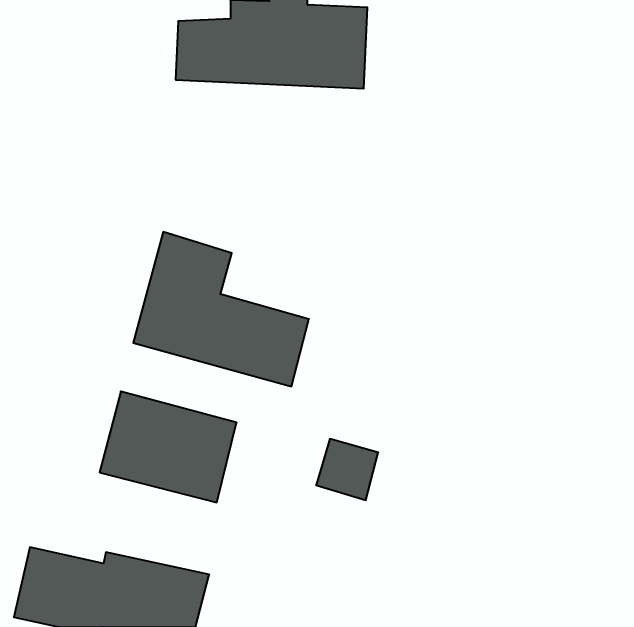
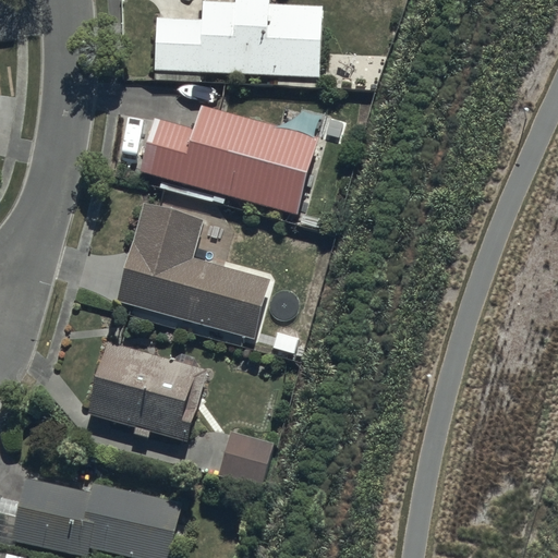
building: none -> [140,107,318,216]
building: [316,439,378,500] -> [218,432,272,485]

